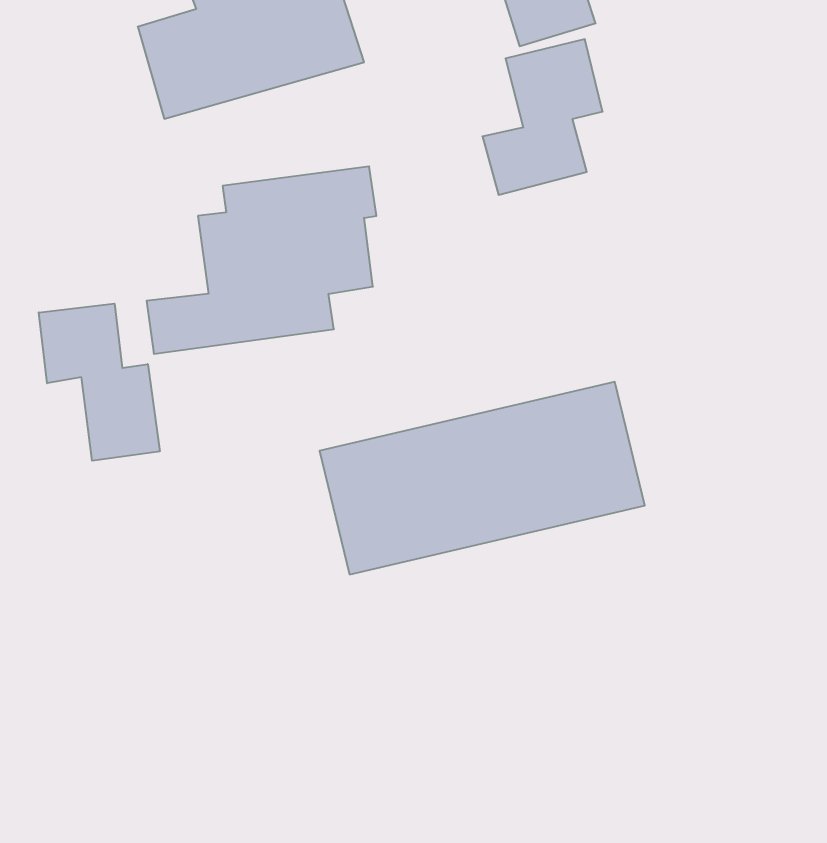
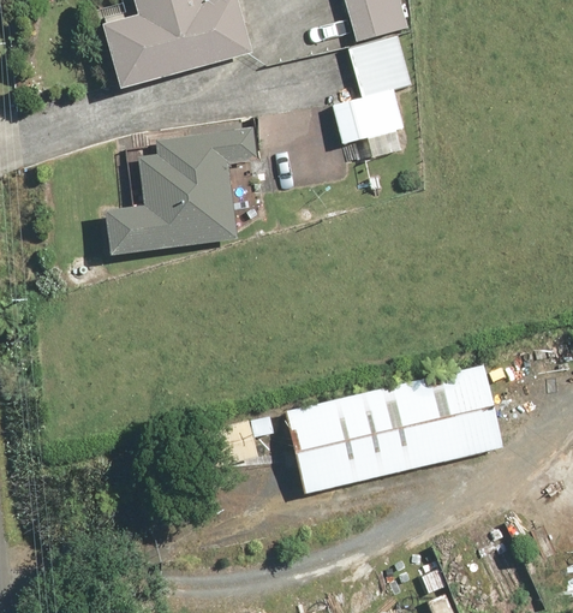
building: [39,304,160,461] -> none
building: [320,382,645,574] -> [282,365,503,496]

